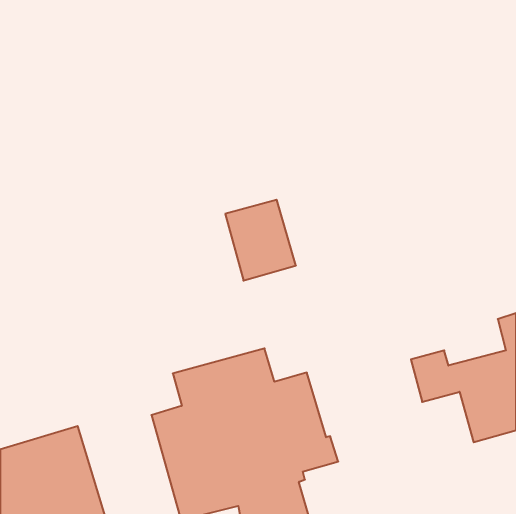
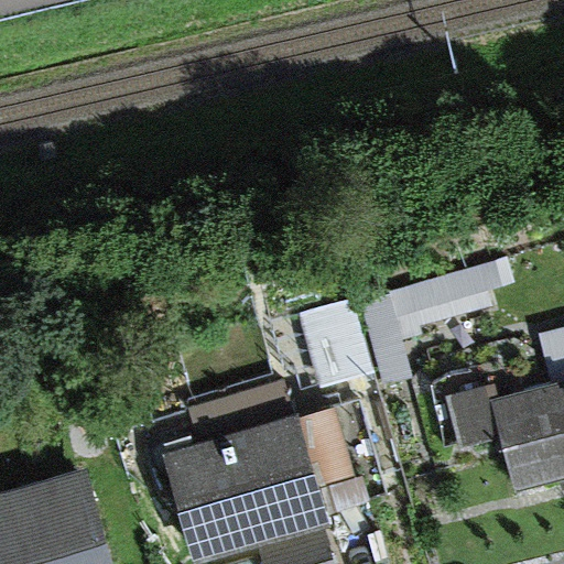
building: [225,200,296,281] -> [300,301,377,389]
building: none -> [364,263,509,383]

